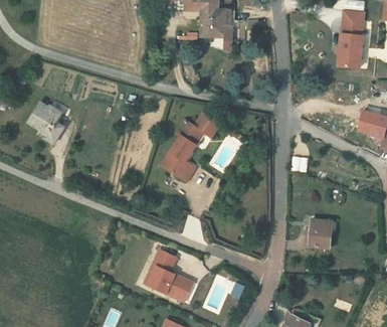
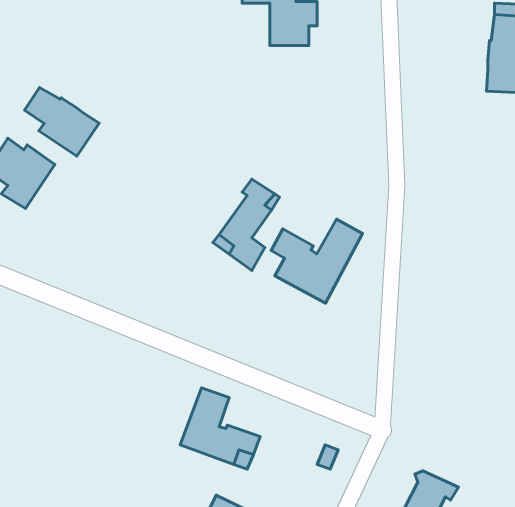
building: none -> [25,88,99,156]
building: none -> [271,219,362,303]
building: [310,213,332,241] -> none

